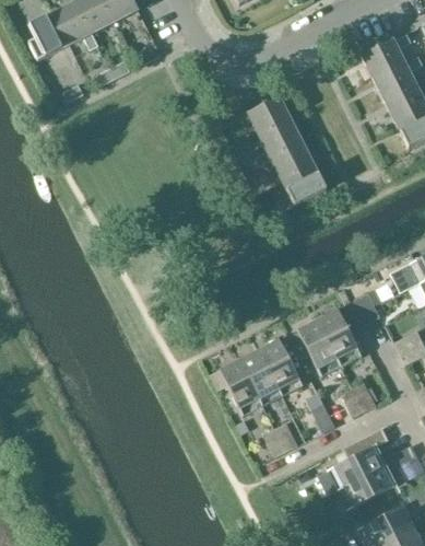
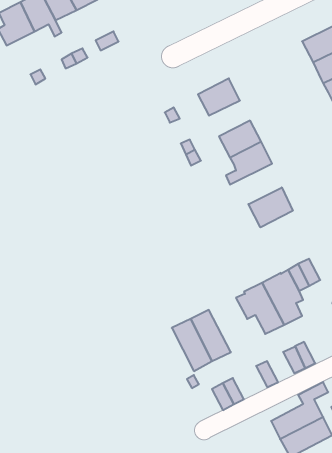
building: [255,119,304,164] -> none
building: none -> [248,187,293,227]
building: [259,335,306,394] -> none

